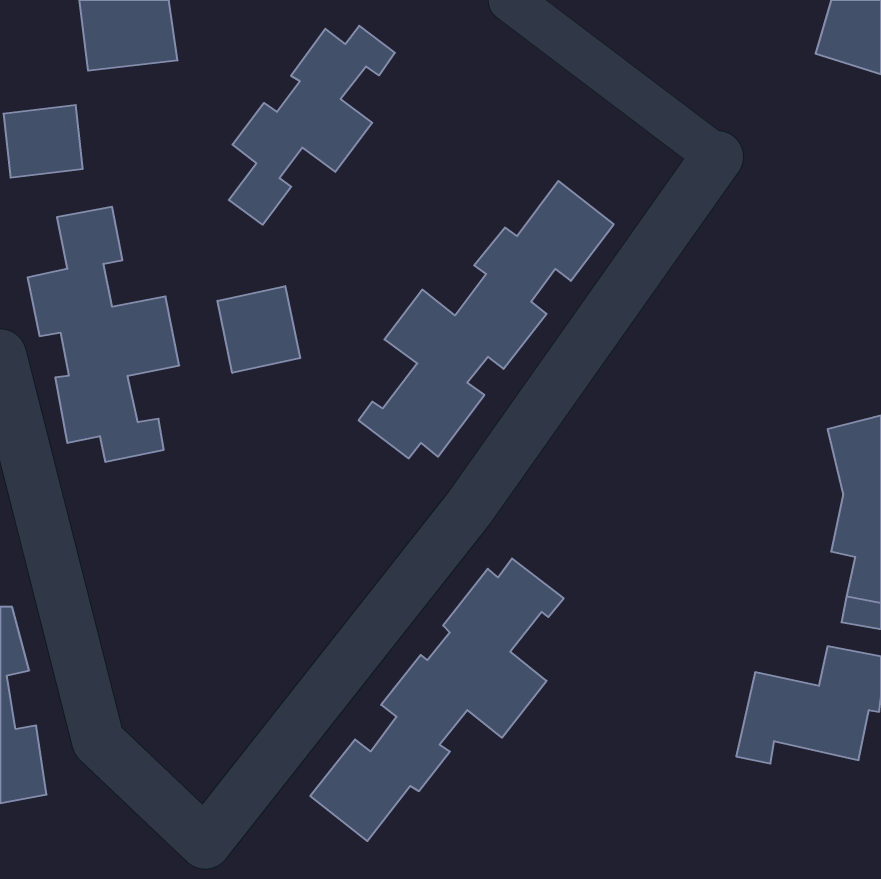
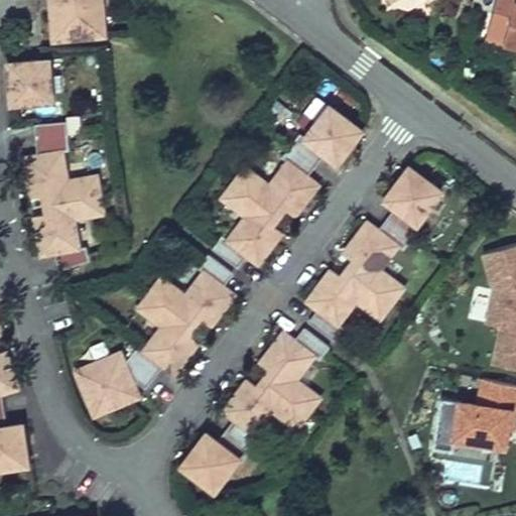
building: [229,26,395,225] -> none
building: [217,286,300,373] -> none
building: none -> [306,169,442,342]
building: none -> [77,256,236,416]

